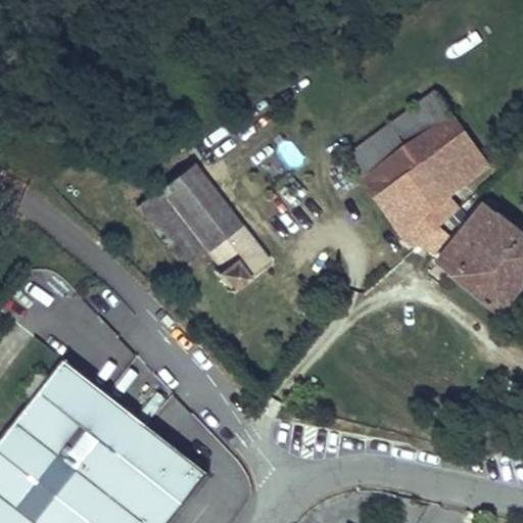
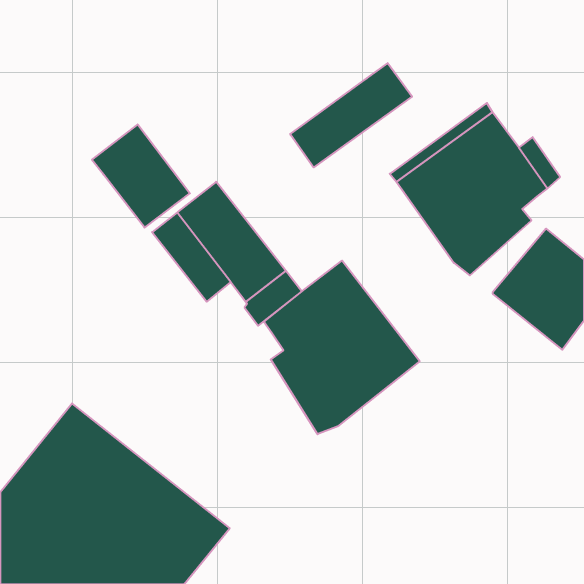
building: none -> [290,63,412,167]
building: none -> [92,124,190,228]
building: none -> [264,261,420,434]

